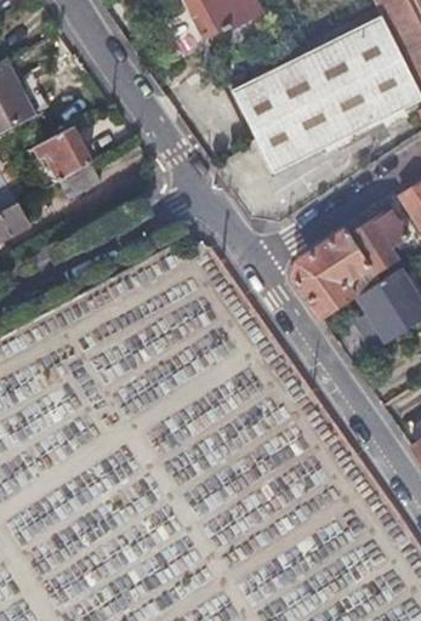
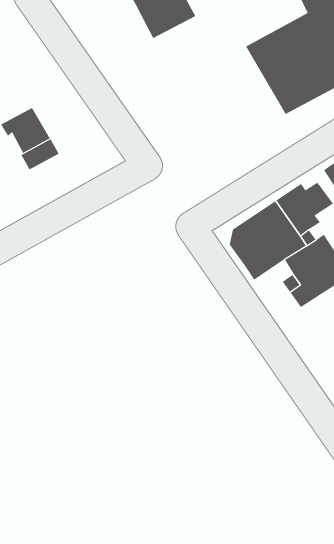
building: [231,53,354,175] -> none

